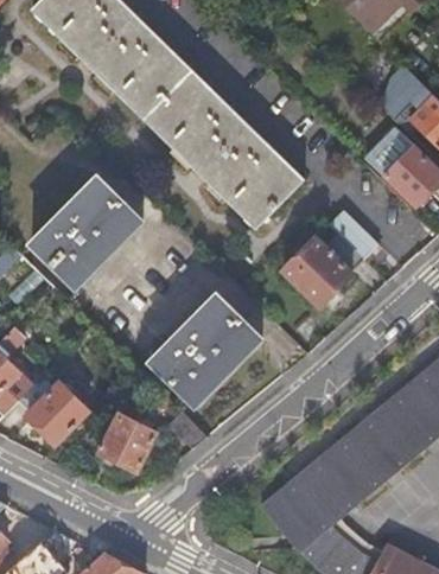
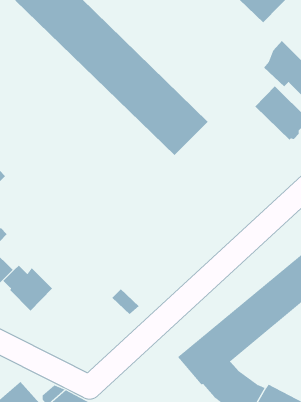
building: [31,178,142,291] -> none
building: [282,211,377,306] -> none
building: [149,295,261,407] -> none
building: [100,416,157,472] -> none

